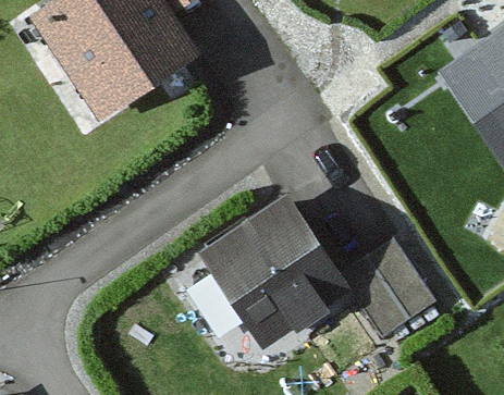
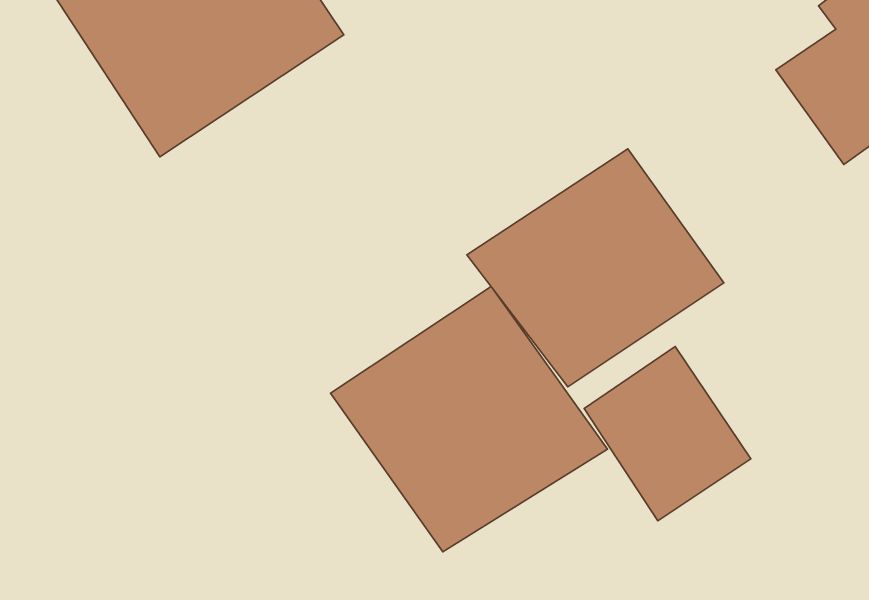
building: none -> [467,149,724,387]

